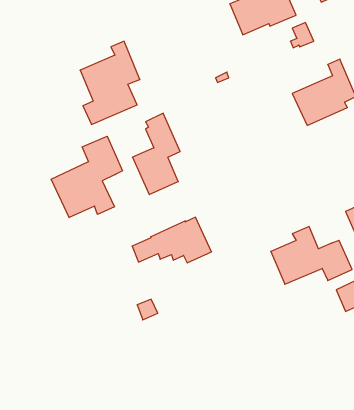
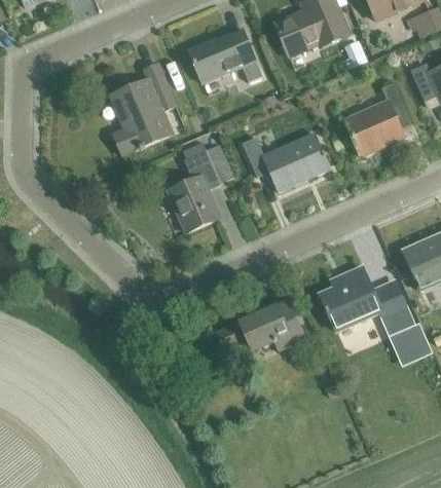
building: none -> [188,30,262,82]
building: none -> [242,133,330,191]
building: [51,136,122,218] -> none
building: [132,217,212,263] -> [217,300,304,350]

